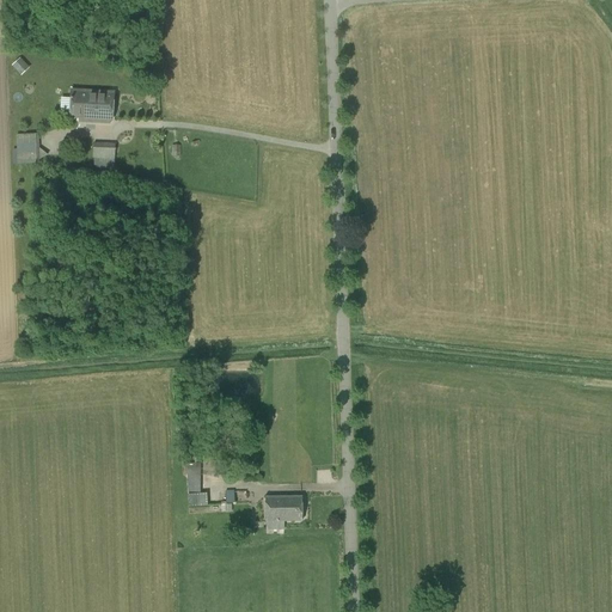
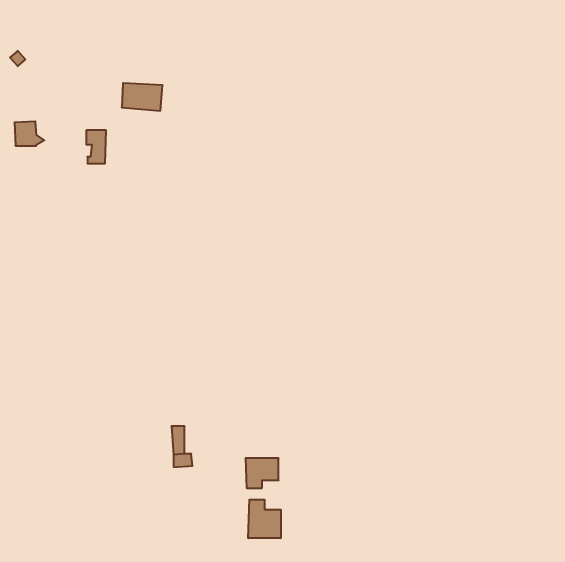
building: [69,90,114,120] -> [122,83,163,111]
building: none -> [248,500,281,538]

